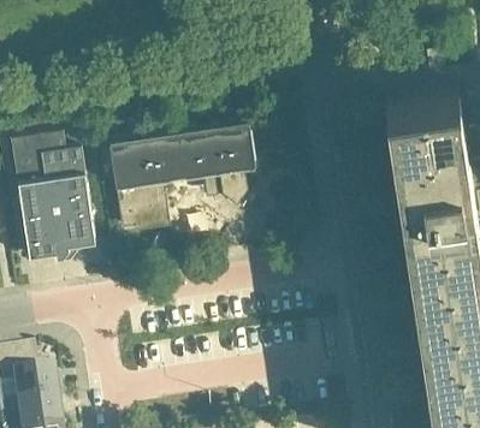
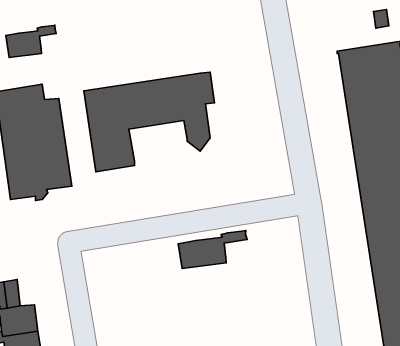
building: none -> [6,25,56,58]
building: none -> [178,230,247,268]

